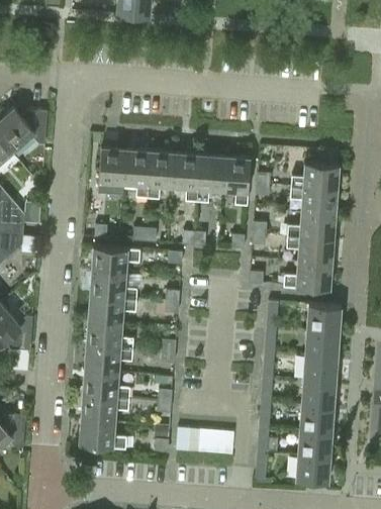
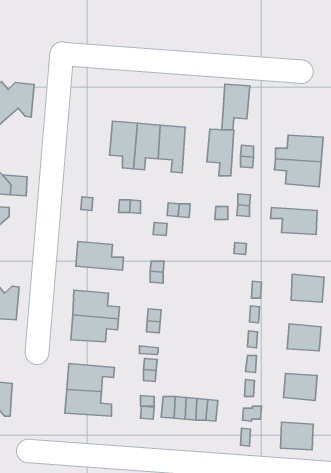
building: [97,148,126,195] -> none
building: [197,156,225,202] -> [222,84,250,130]
building: [288,213,337,240] -> none
building: [91,247,140,275] -> none
building: [284,263,334,290] -> none
building: [87,297,136,324] -> none
building: [306,331,340,359] -> none
building: [82,372,129,400] -> none
building: [302,381,337,408] -> none
building: [298,430,332,457] -> none

